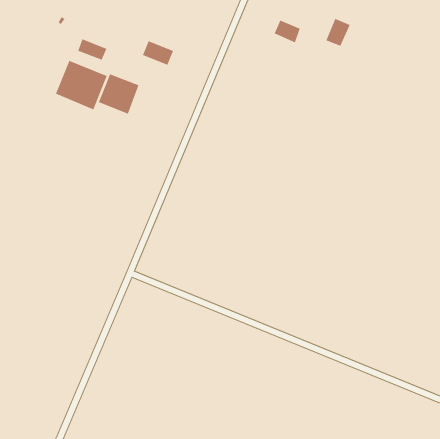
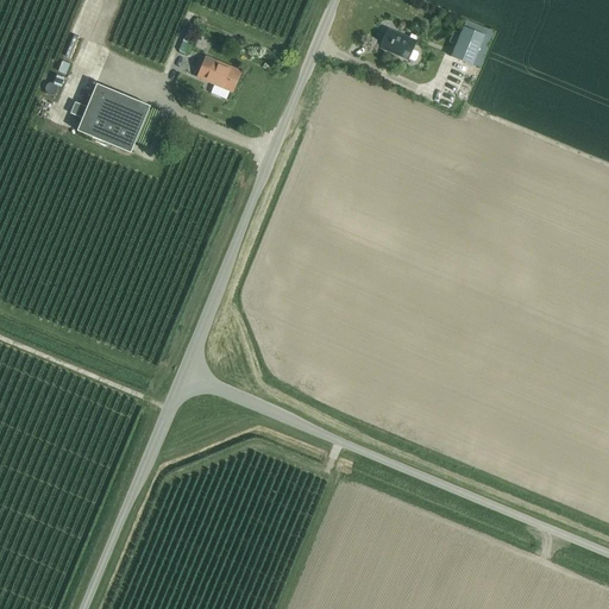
building: [78,38,107,60] -> none
building: [98,73,139,115] -> none

